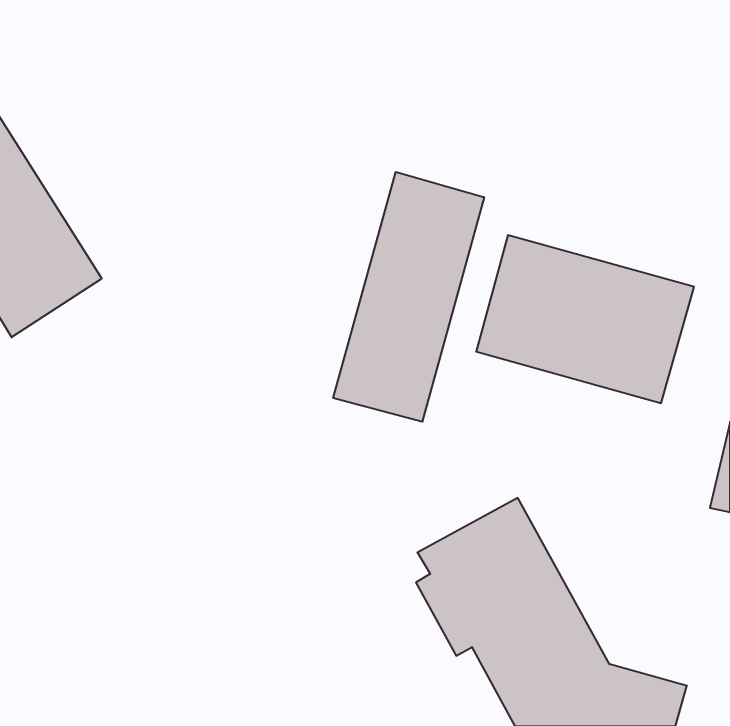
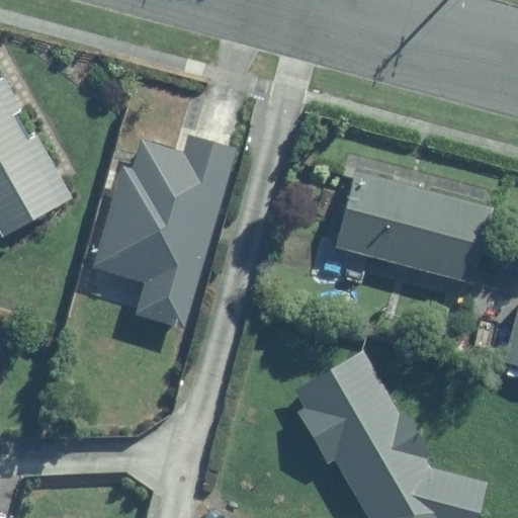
building: [333,172,484,422] -> none
building: none -> [96,139,233,326]

